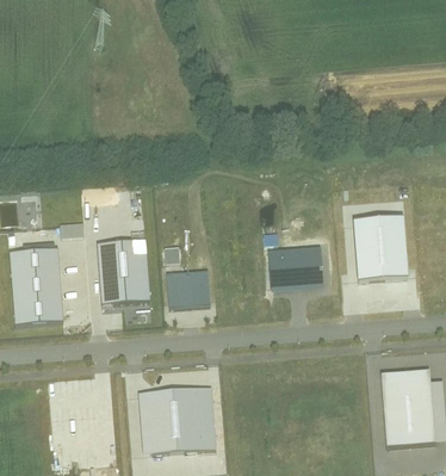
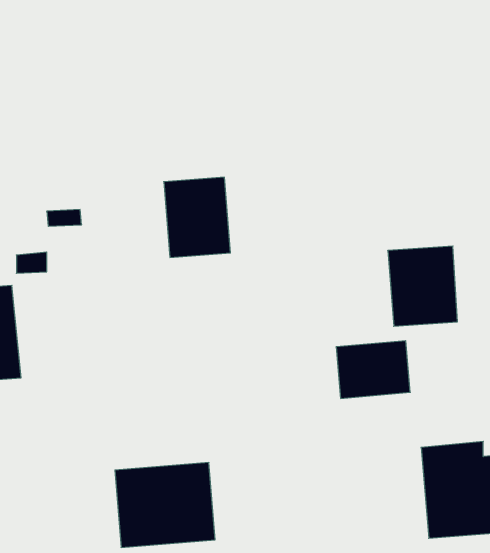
building: [98,239,150,302] -> [164,177,230,257]
building: [264,245,322,290] -> [336,341,410,398]
building: [167,271,211,308] -> none

